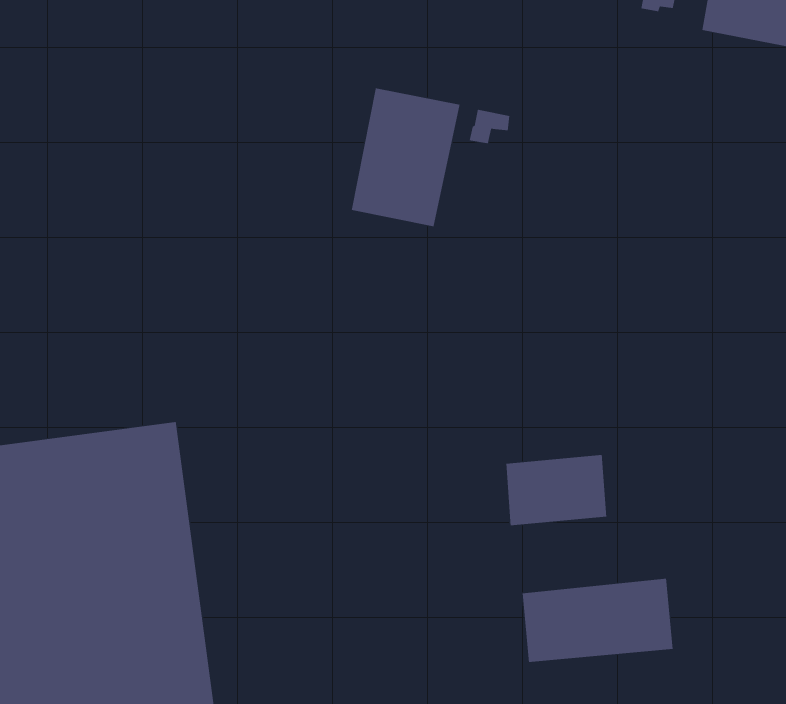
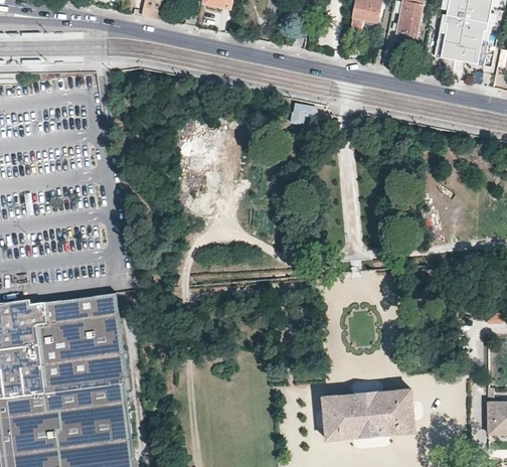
building: [351,87,460,227] -> none
building: [506,454,607,526] -> none

